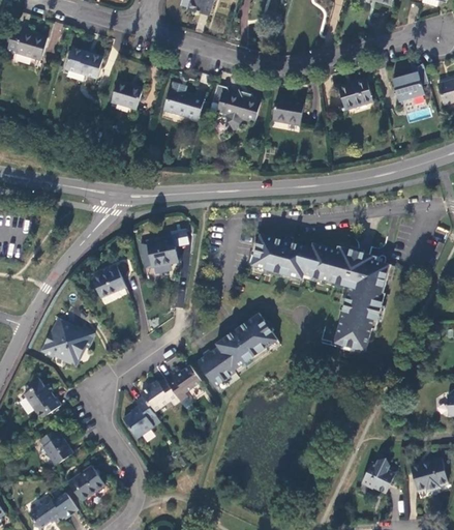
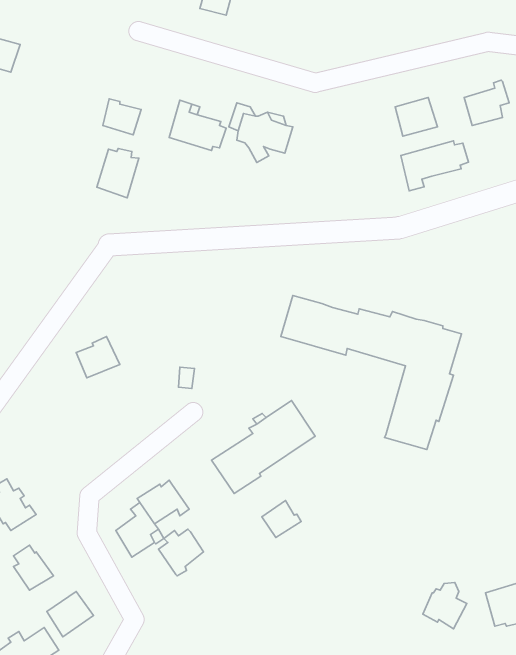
building: [67,48,103,78] -> none
building: [273,95,304,124] -> none
building: none -> [401,141,468,191]
building: none -> [97,148,139,198]
building: [141,237,178,269] -> none
building: [40,316,95,365] -> none
building: [167,364,202,401] -> [158,529,204,576]
building: none -> [262,501,301,537]

